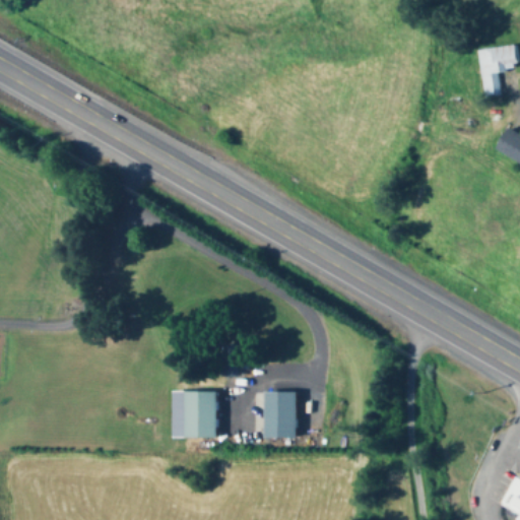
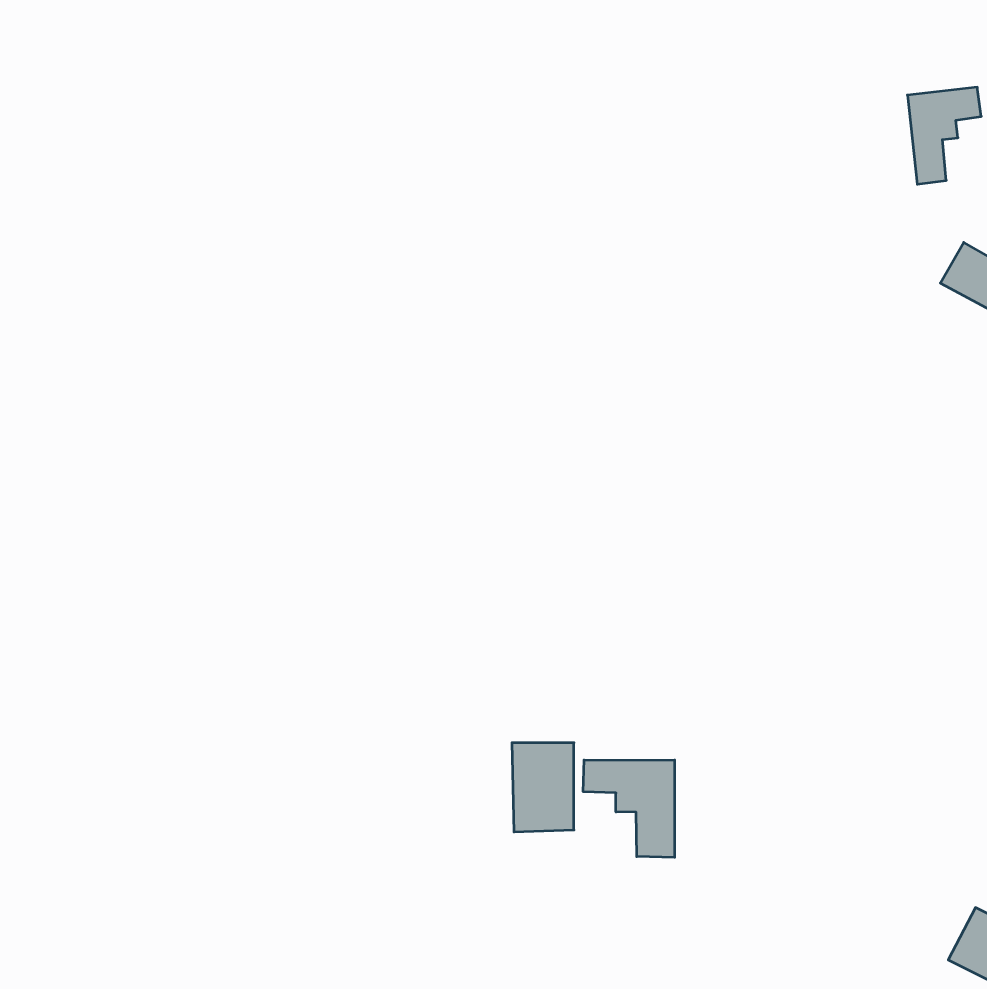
building: [171,391,216,438] -> none
building: none -> [583,760,675,857]

